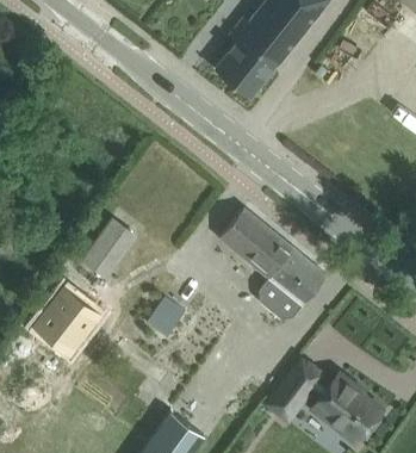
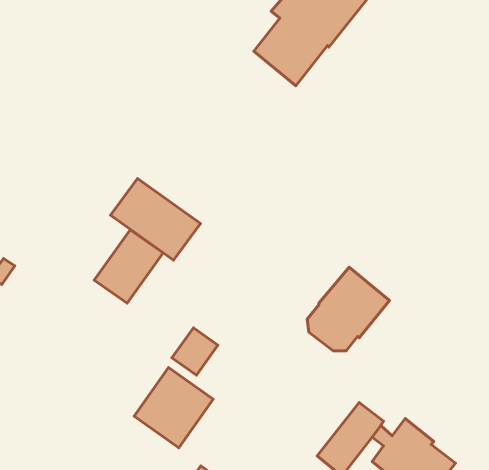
building: none -> [110,178,201,260]
building: [219,209,293,278] -> none
building: [36,287,101,354] -> [134,367,213,448]

